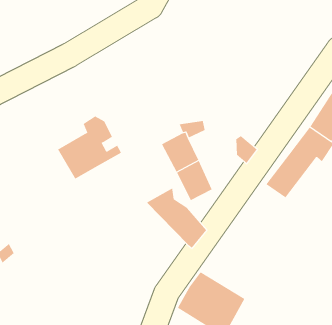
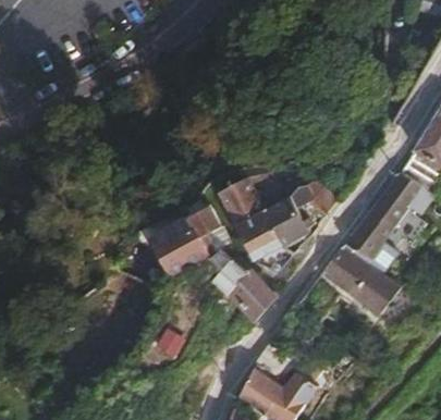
building: [57,116,122,179] -> [151,201,231,280]
building: none -> [264,188,315,249]
building: none -> [321,249,400,317]

